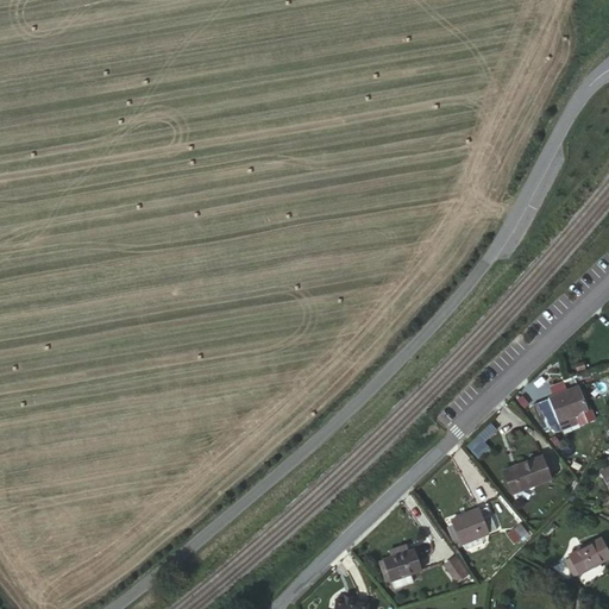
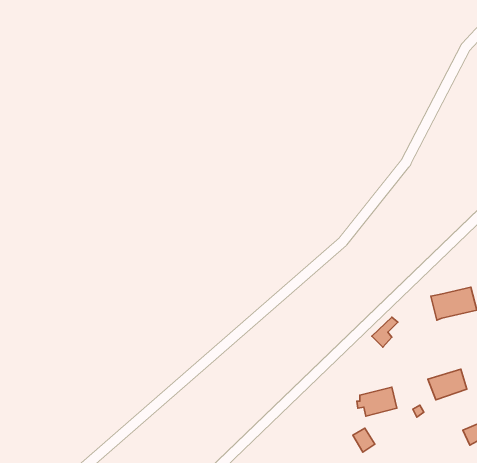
building: [504,456,551,492] -> [428,369,467,400]
building: [385,552,421,582] -> none

